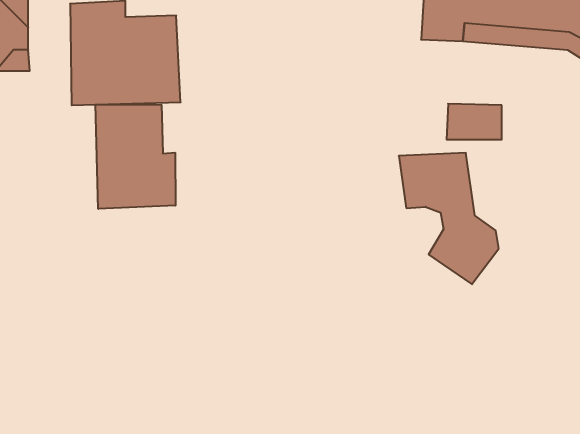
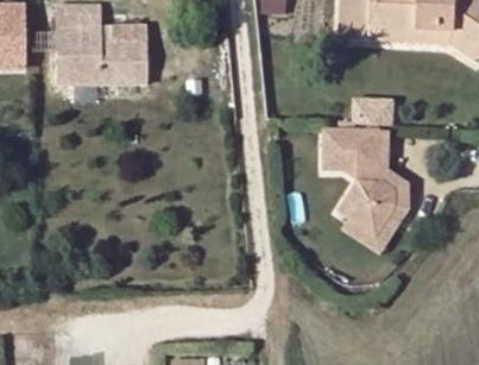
building: [95,105,175,209] -> none
building: none -> [345,128,415,252]

